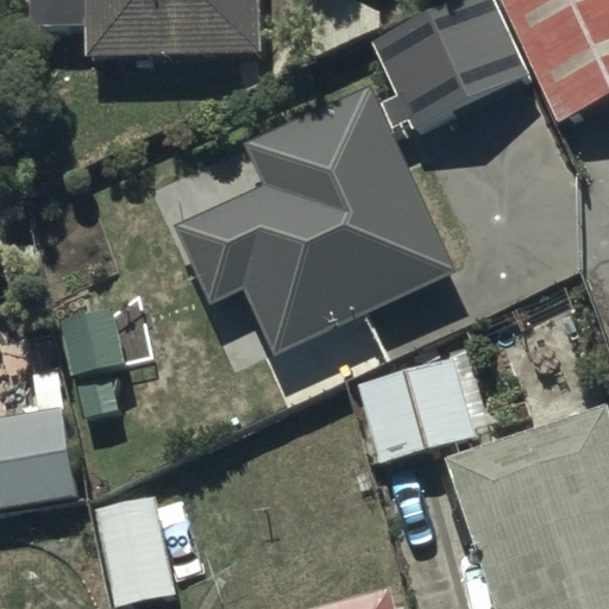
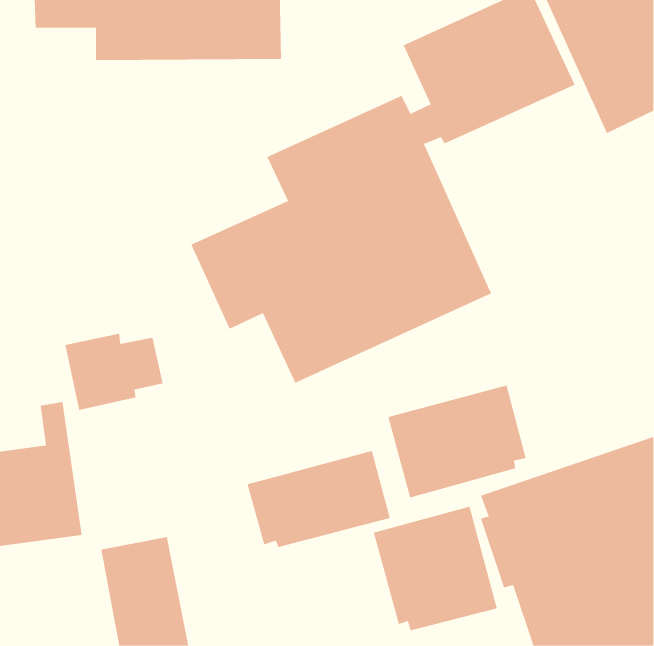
building: none -> [247,450,390,548]
building: none -> [373,506,498,631]

